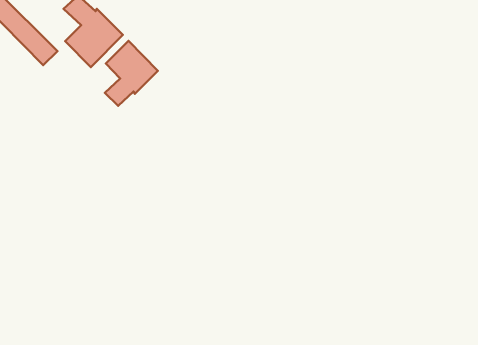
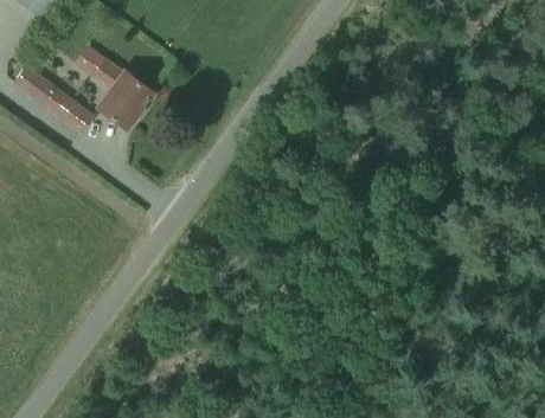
building: [105,41,158,106] -> none

